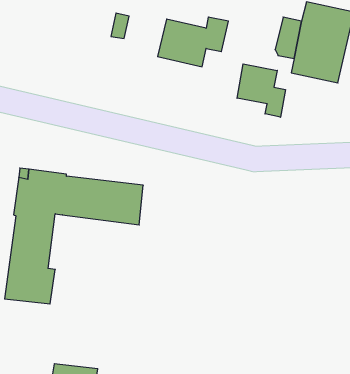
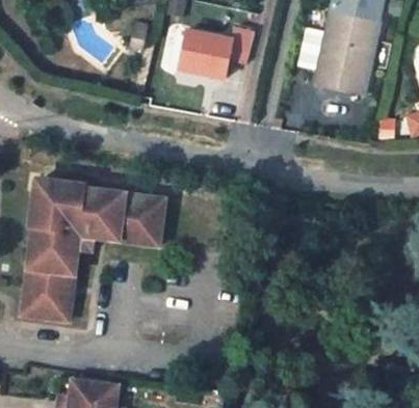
building: [237,64,285,117] -> none
building: none -> [67,227,160,284]

